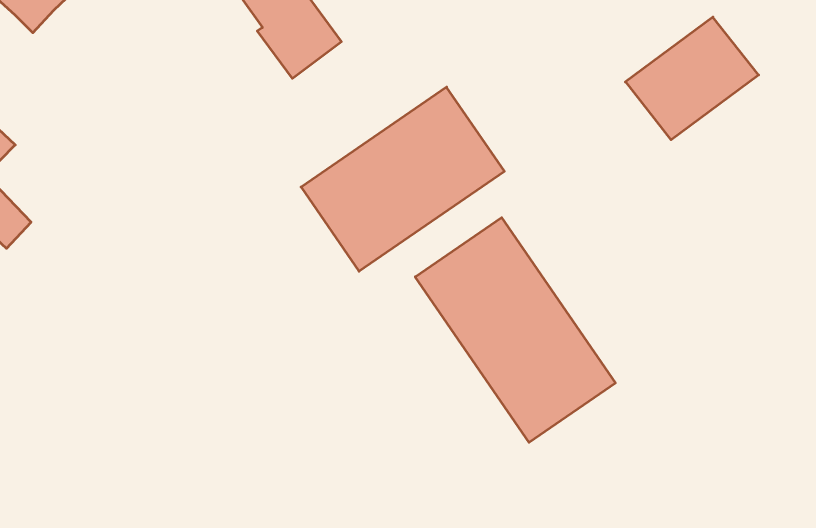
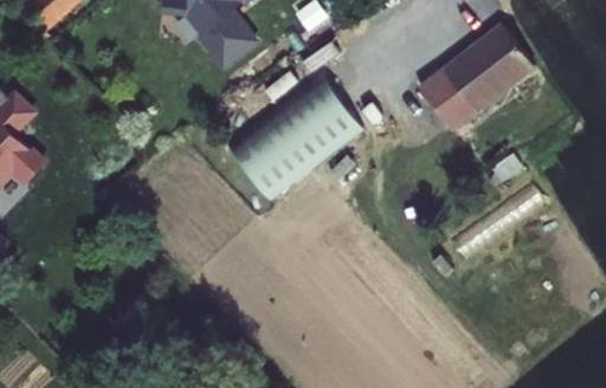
building: none -> [420,70,476,129]
building: [415,218,615,442] -> none

